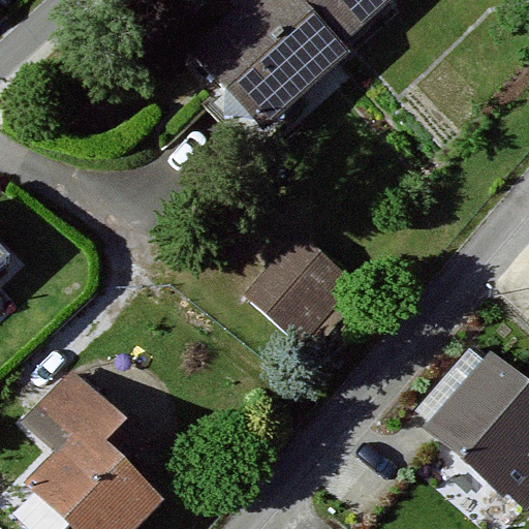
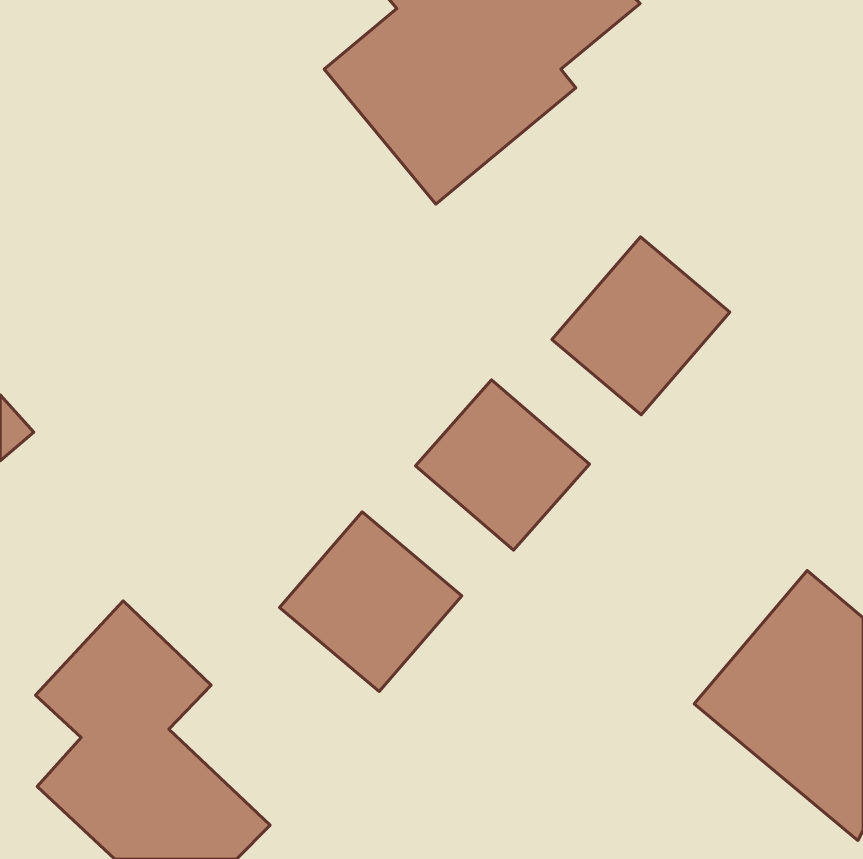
building: none -> [552,237,730,415]
building: none -> [280,512,462,692]

